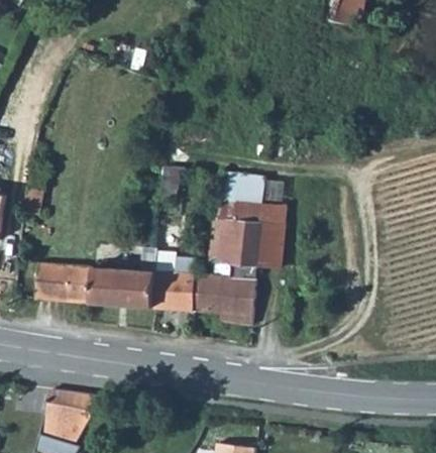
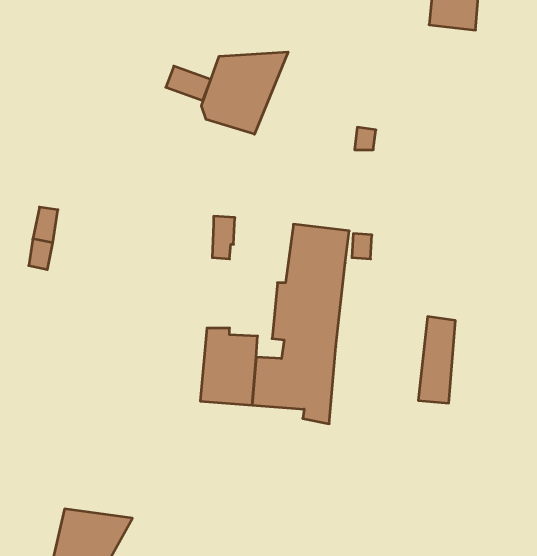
building: none -> [201,52,288,134]
building: [257,203,286,268] -> [418,317,455,403]
building: [36,246,159,308] -> none

